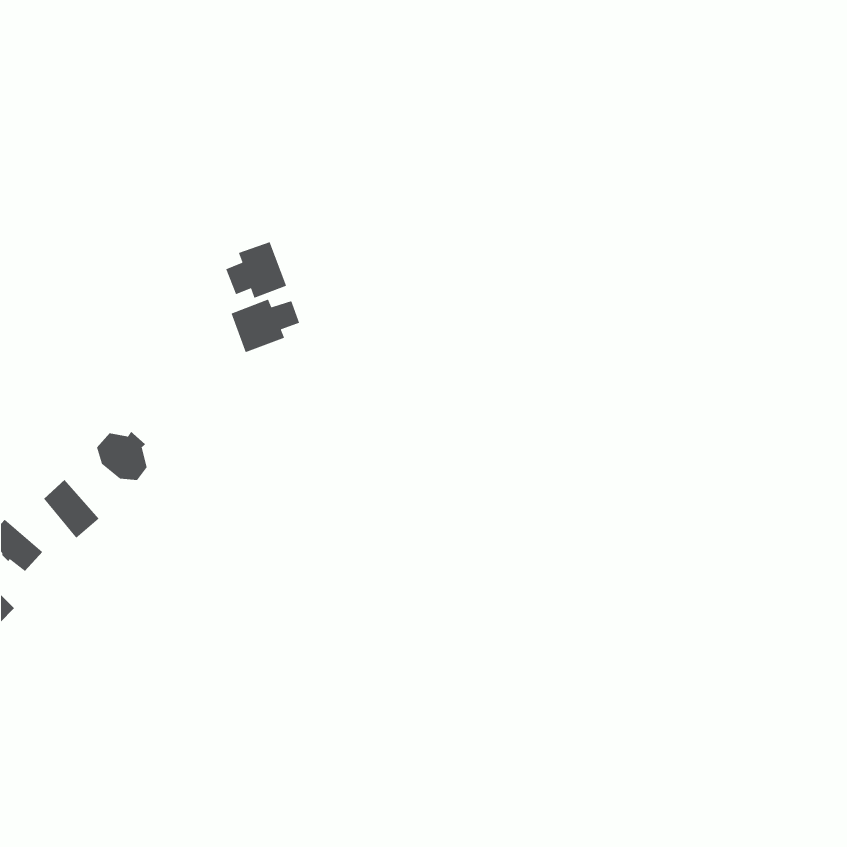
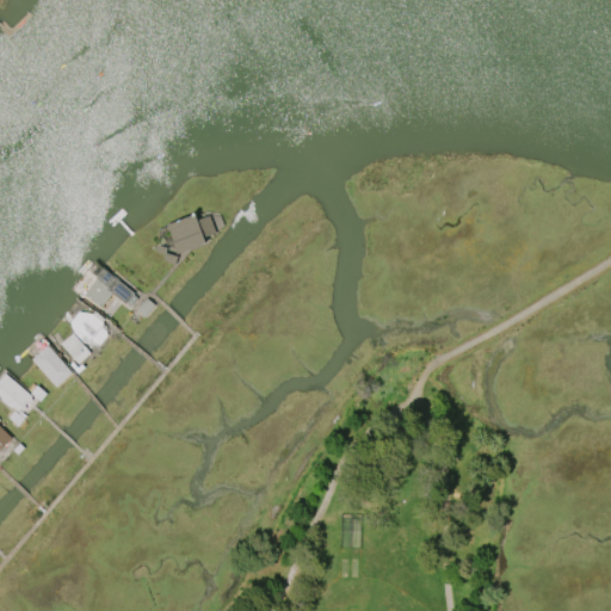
building: [225,241,287,299] -> none
building: none -> [84,269,132,308]

